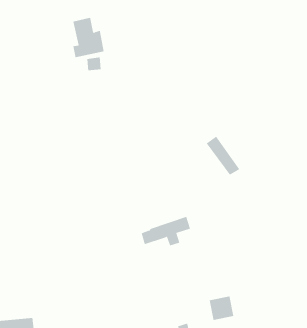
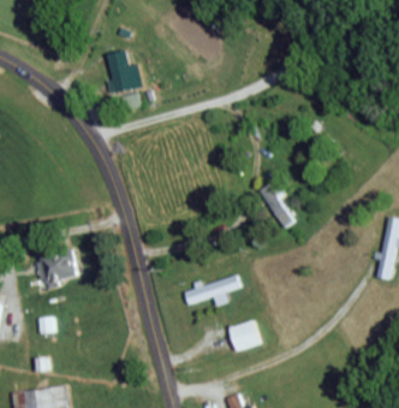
building: none -> [37,250,79,284]
building: [209,296,234,320] -> [230,323,258,350]

